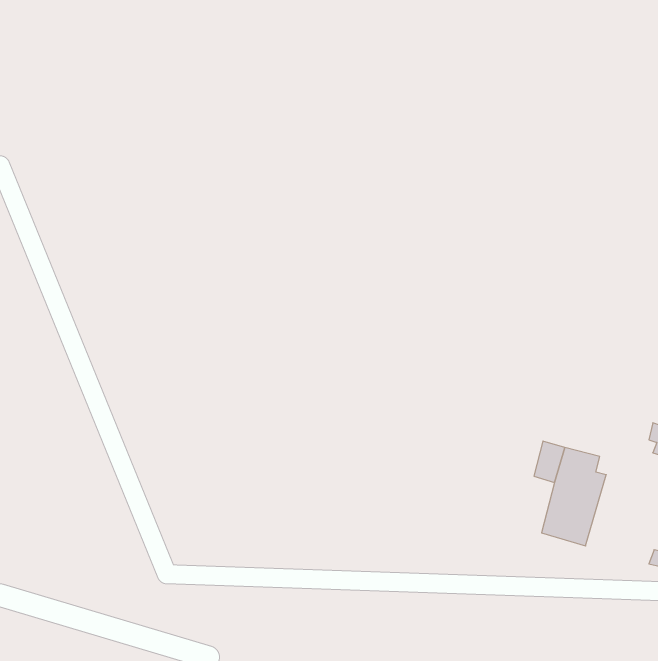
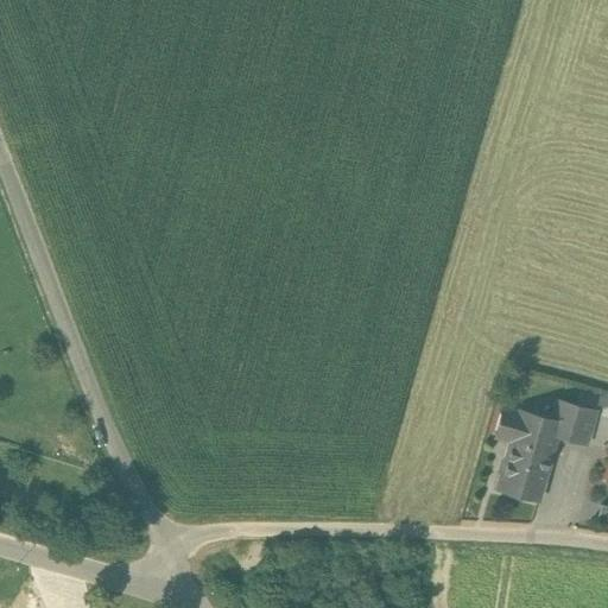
building: none -> [550,400,597,444]

